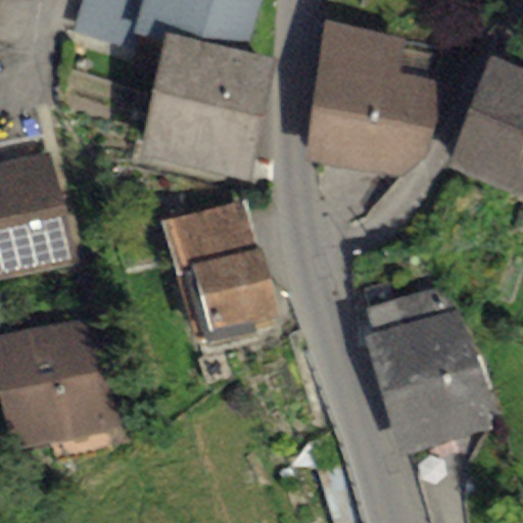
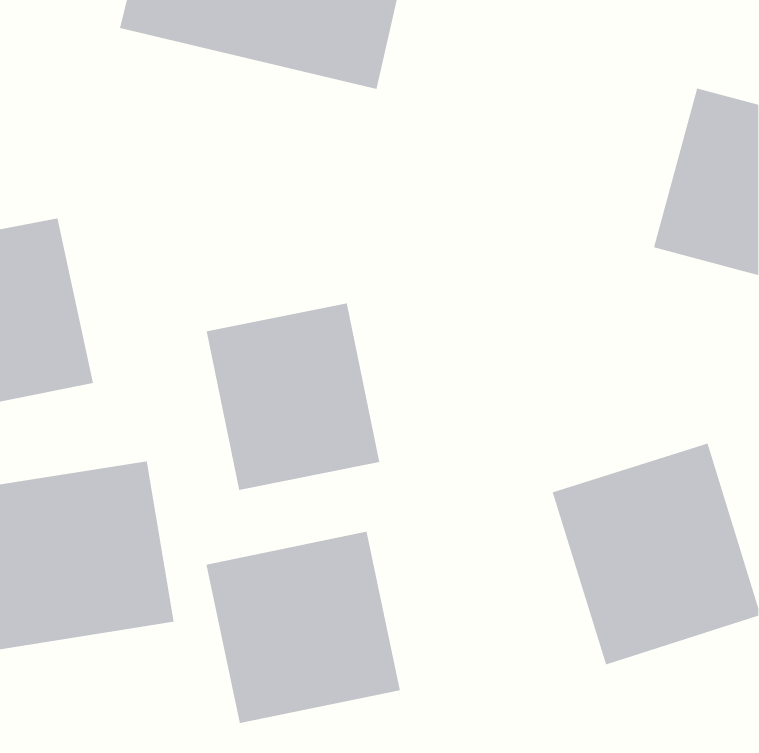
building: [318,23,449,170] -> none
building: [108,41,265,182] -> none
building: none -> [206,531,400,724]

